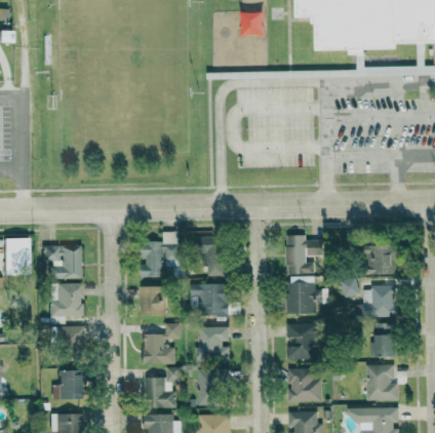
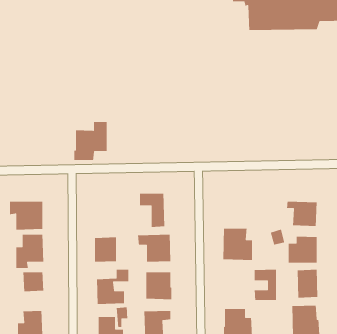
building: [141,232,180,277] -> [73,121,107,161]
building: [286,238,327,274] -> none
building: [287,323,314,360] -> [254,269,277,301]

